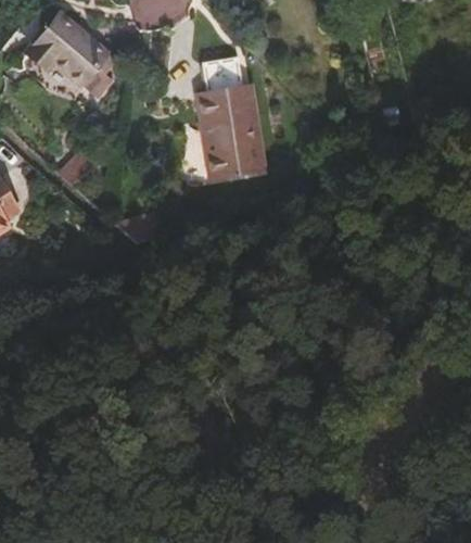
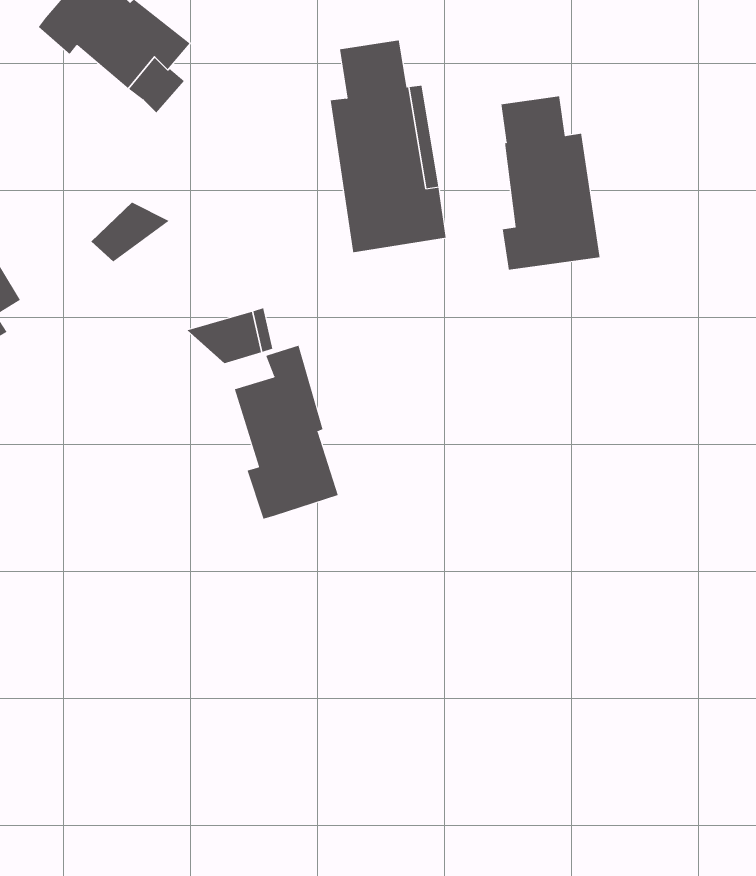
building: none -> [501,95,600,271]
building: none -> [234,345,338,520]

